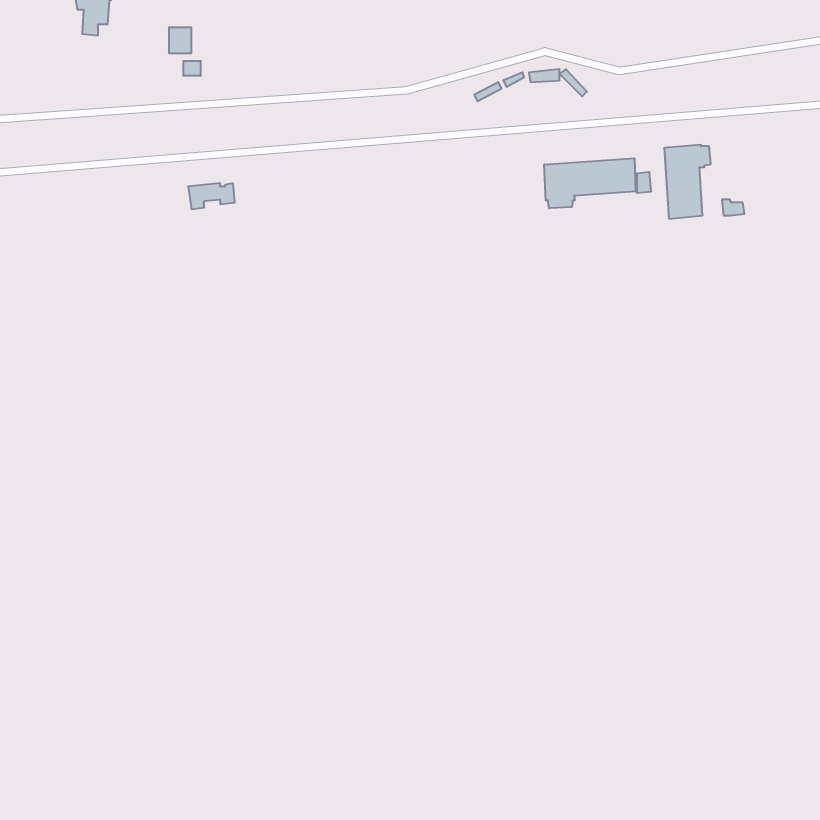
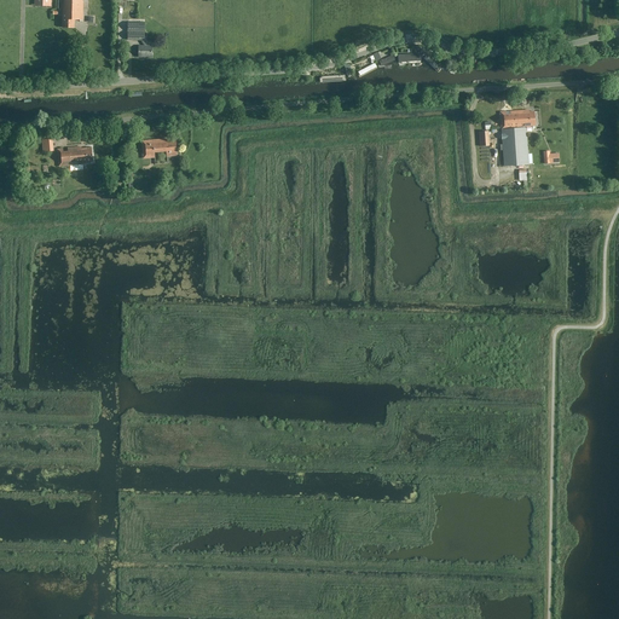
building: [544,158,635,208] -> none
building: none -> [58,145,93,164]

